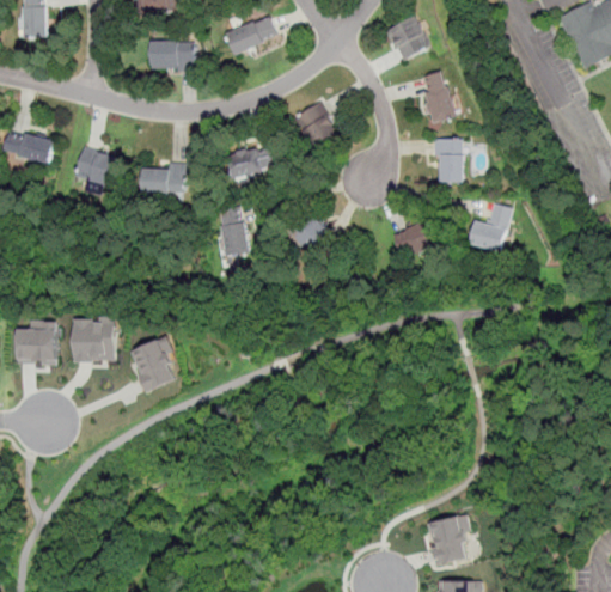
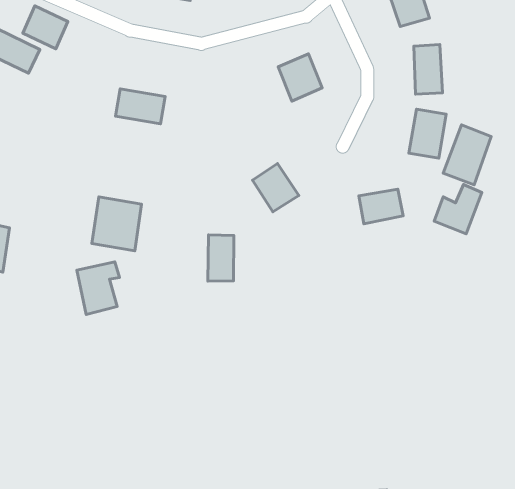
building: [227,142,279,177] -> none
building: none -> [443,125,491,185]
building: [77,147,118,185] -> [23,6,68,49]
building: [218,207,250,256] -> [208,235,234,281]
building: [72,315,116,361] -> [92,197,142,251]

